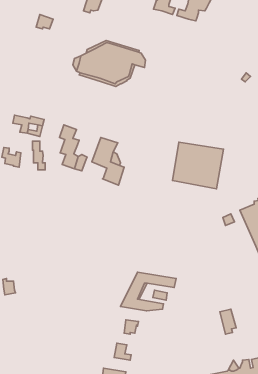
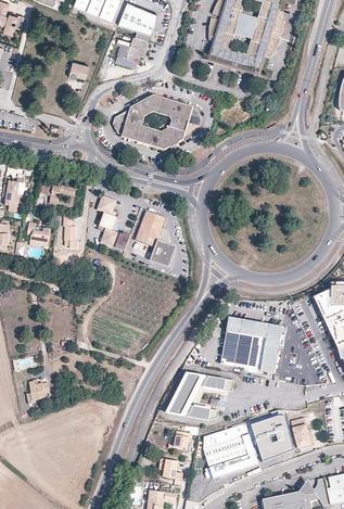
building: [173,142,224,189] -> [220,316,282,372]
building: none -> [250,412,292,460]
building: none -> [203,422,257,476]

